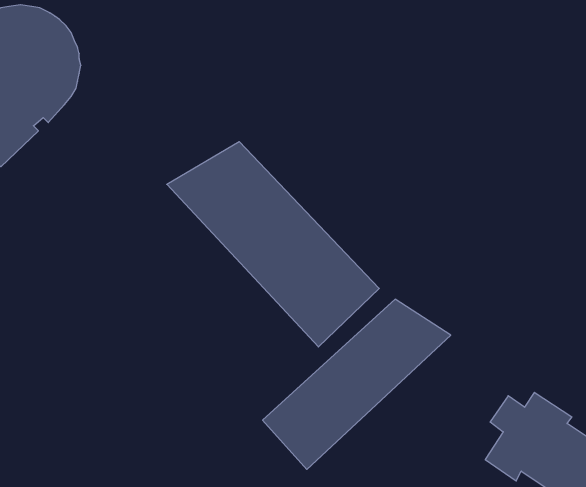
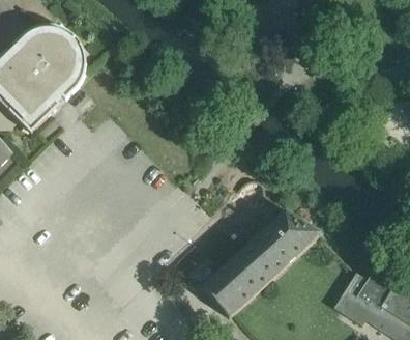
building: [167,142,379,347] -> none

